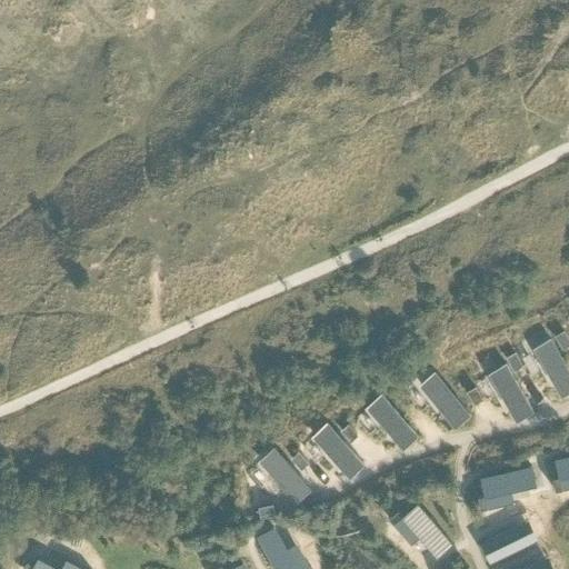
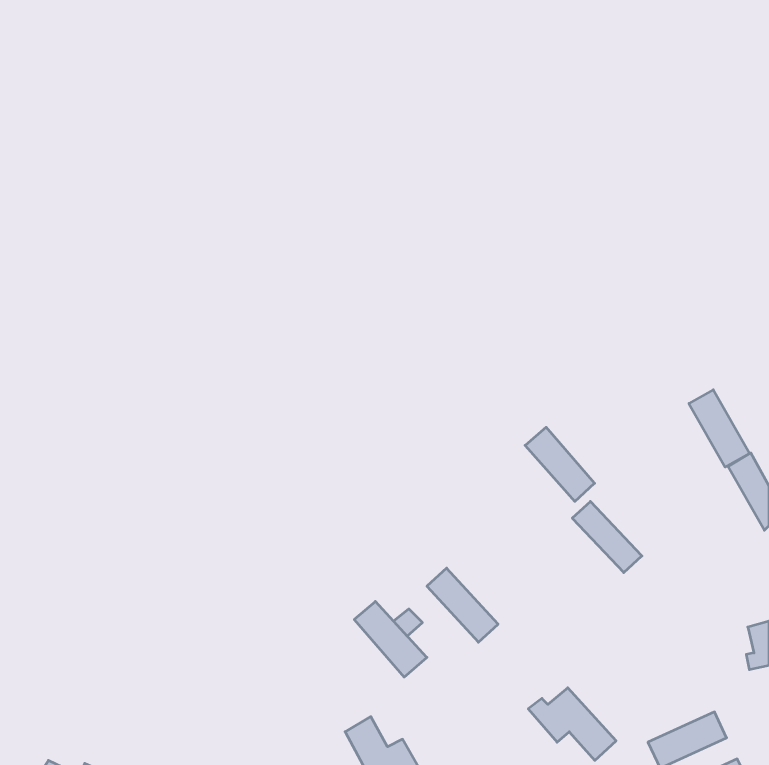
building: [489,365,533,421] -> [689,390,750,467]
building: [368,396,419,450] -> [525,427,595,501]
building: [473,473,531,519] -> none

